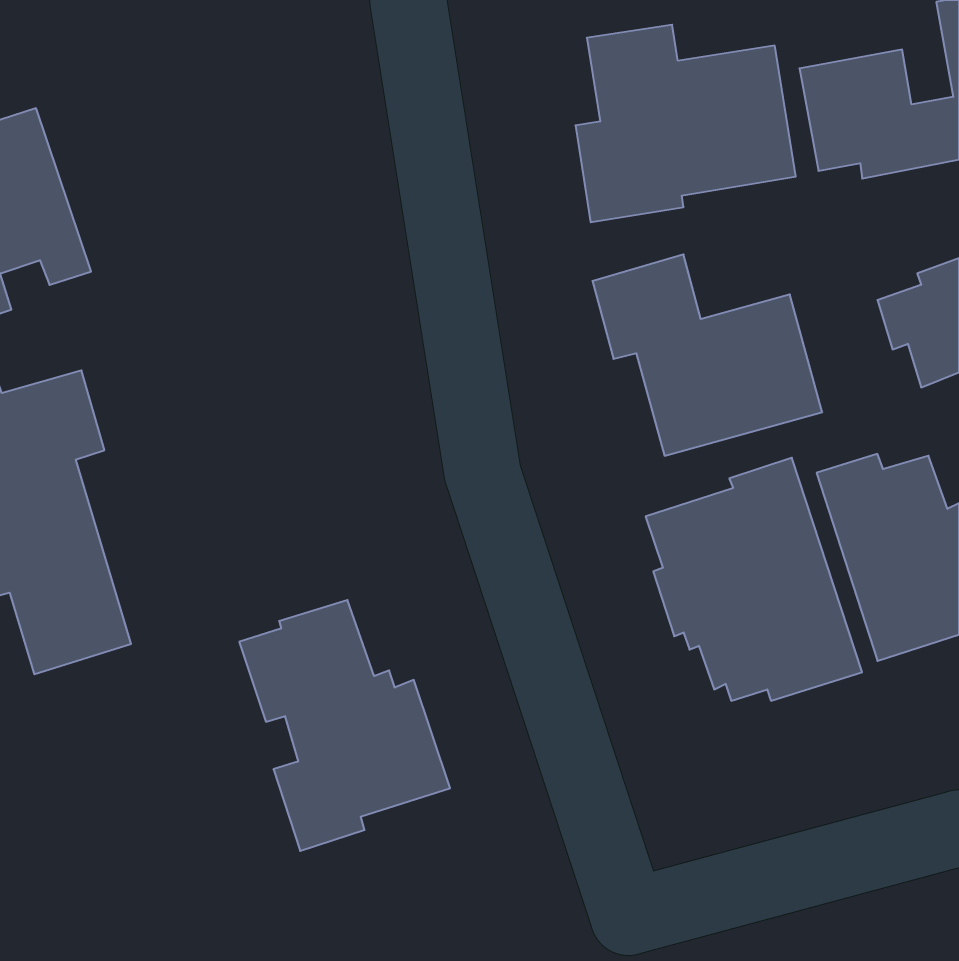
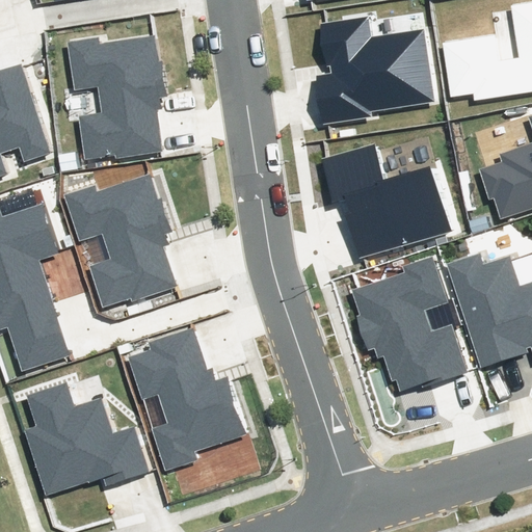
building: none -> [69,36,164,158]
building: none -> [64,176,175,308]
building: none -> [26,388,154,491]

